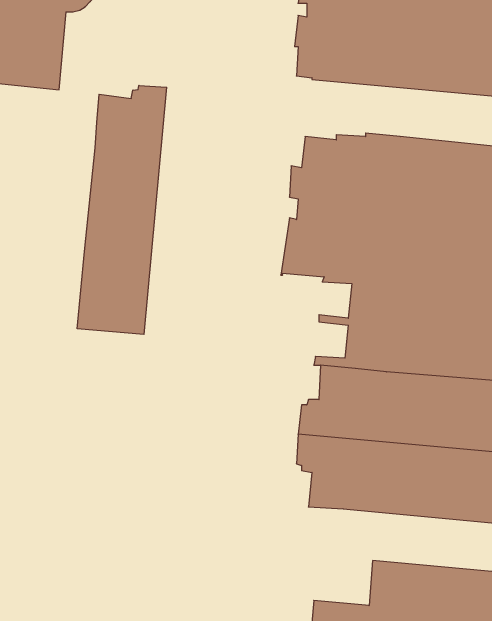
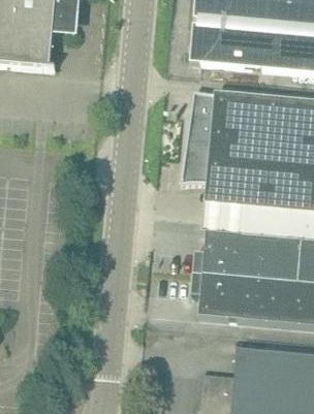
building: [77,85,167,334] -> none

